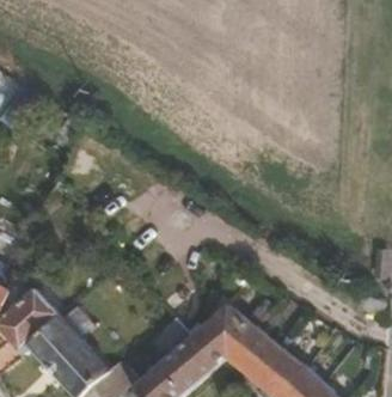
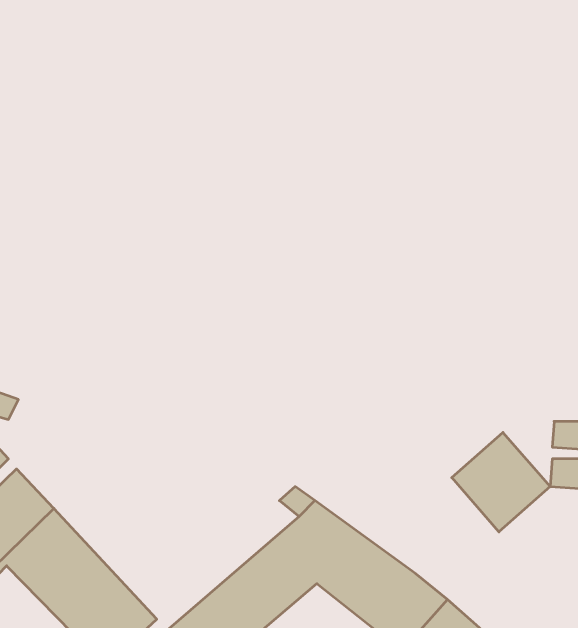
building: none -> [452,432,550,532]

